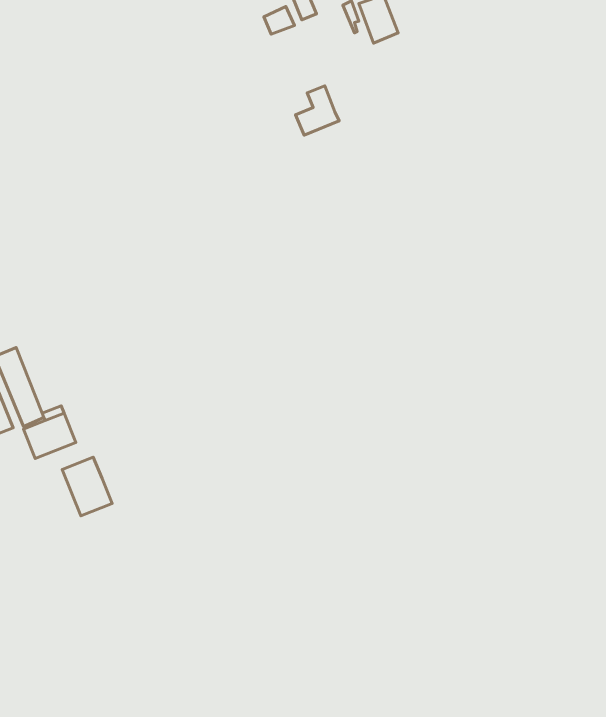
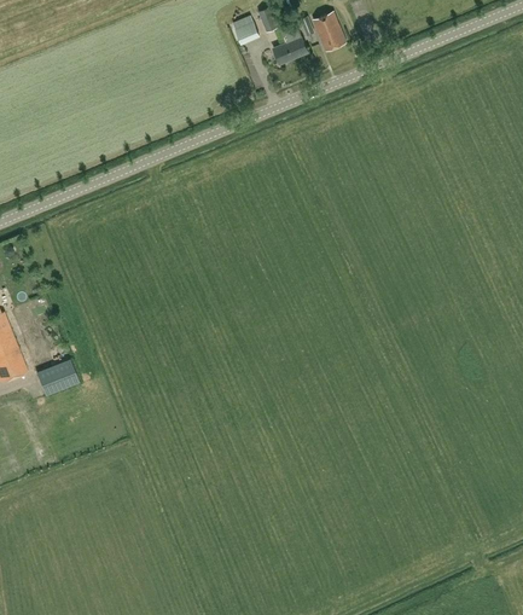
building: [296,86,339,135] -> [273,24,309,65]
building: [62,457,112,516] -> none

